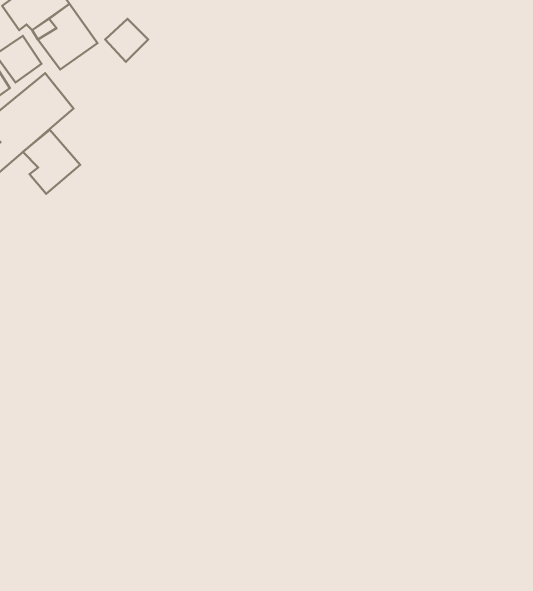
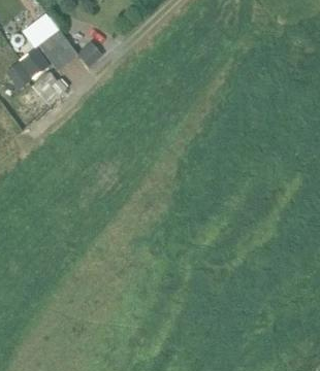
building: [23,130,80,194] -> none

